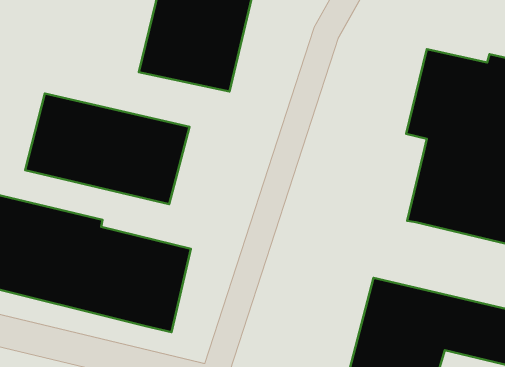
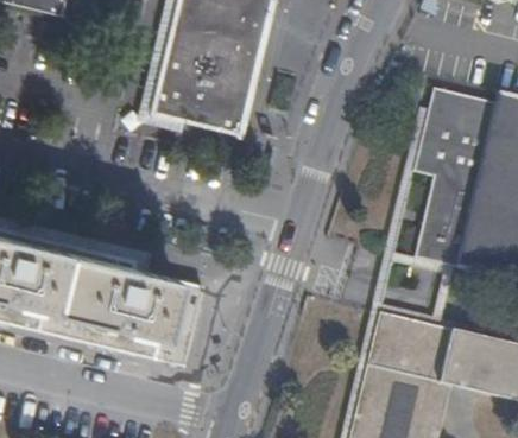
building: [25,94,189,204] -> none

